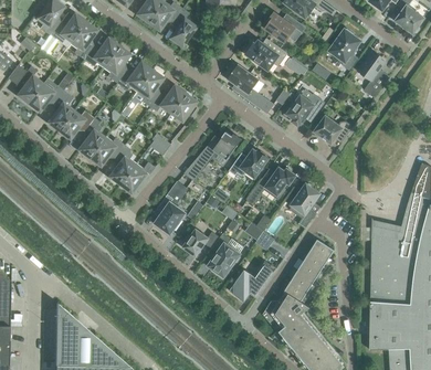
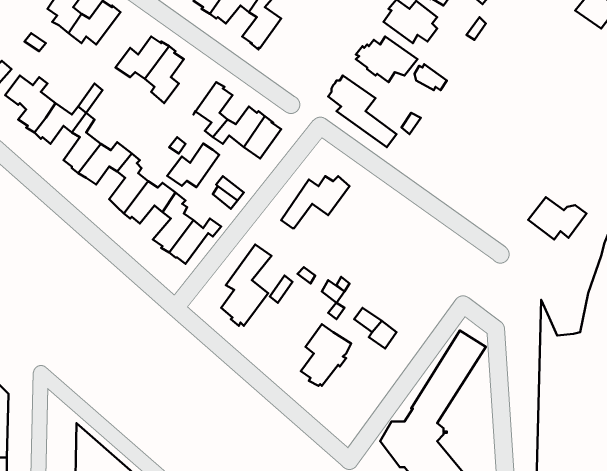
building: [70,22,96,60] -> none
building: [329,30,361,70] -> none
building: [358,53,389,97] -> none
building: [116,62,151,92] -> [167,143,219,187]
building: [283,94,323,126] -> none
building: [314,116,354,145] -> [528,197,587,239]
building: [229,150,269,178] -> none
building: [248,168,296,207] -> none
building: [290,183,320,229] -> none
building: [183,230,219,256] -> none
building: [229,265,274,302] -> none

